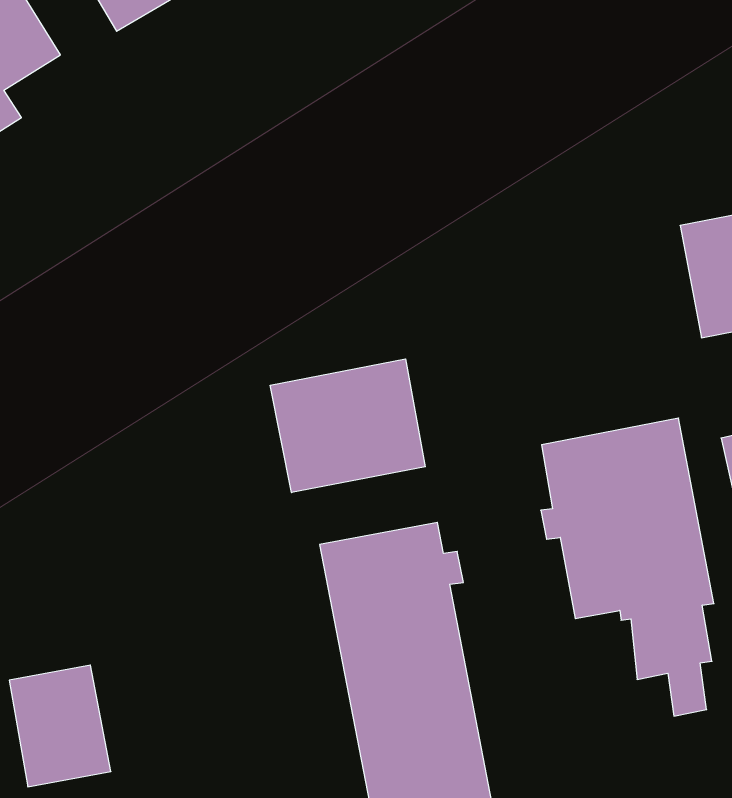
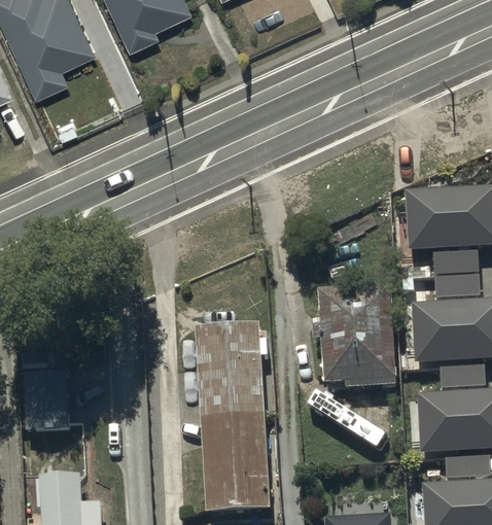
building: [270,359,425,493] -> none

